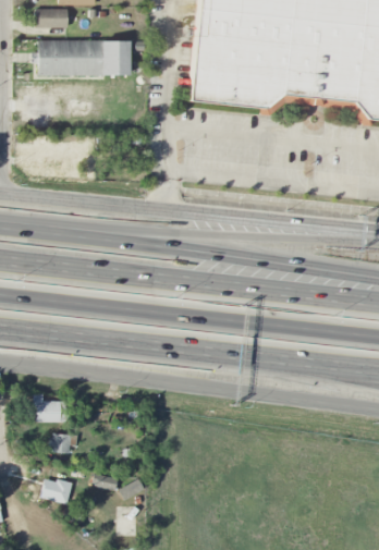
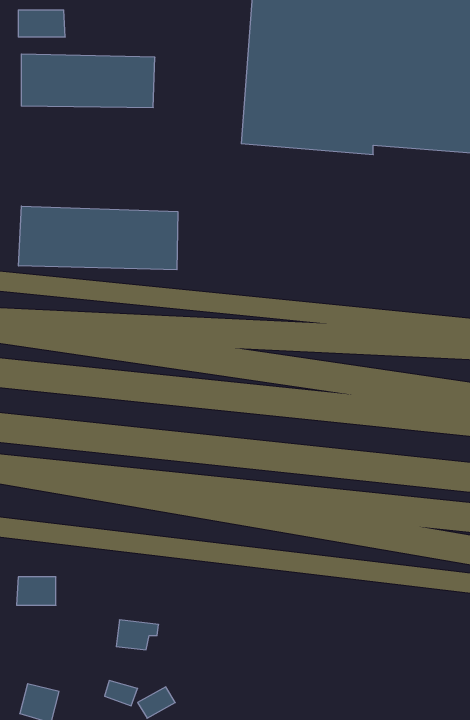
building: none -> [19,206,178,270]
building: [51,432,81,453] -> [116,620,159,650]

